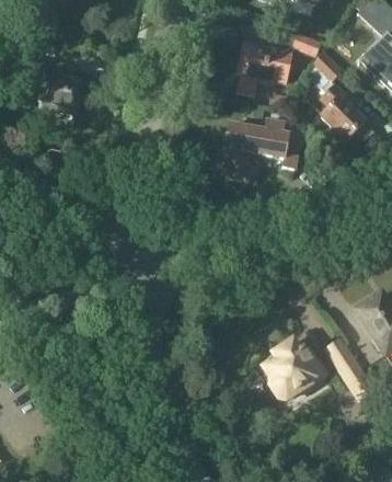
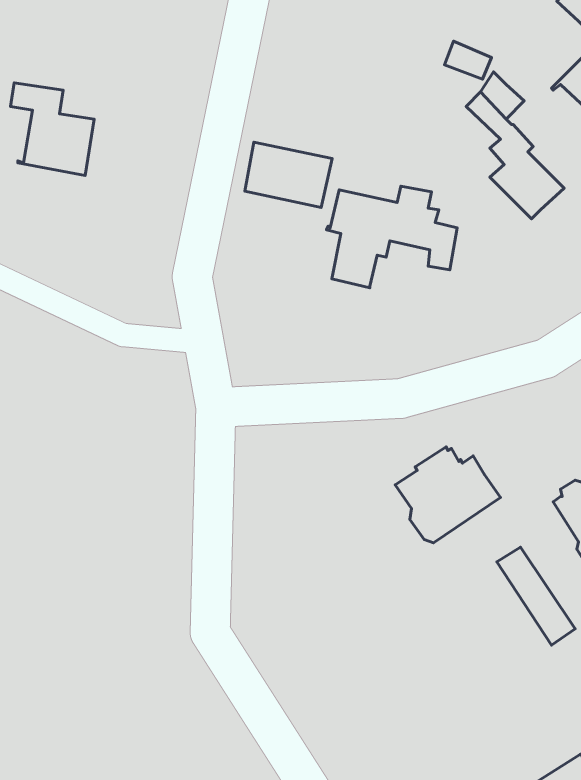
building: [239,44,291,83] -> [245,142,332,208]
building: [263,342,326,400] -> [395,447,501,543]

